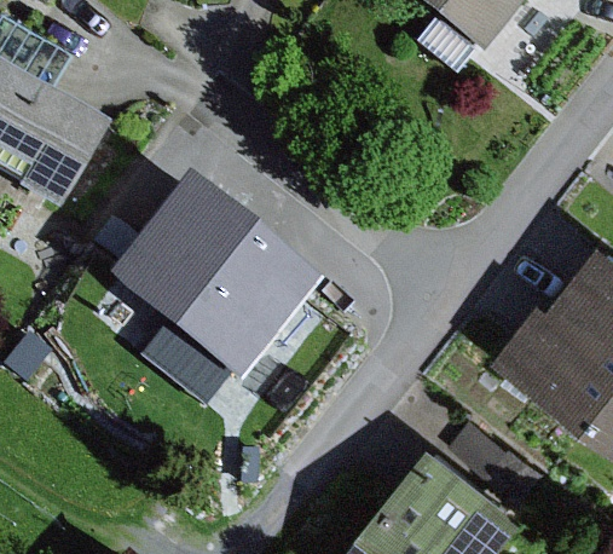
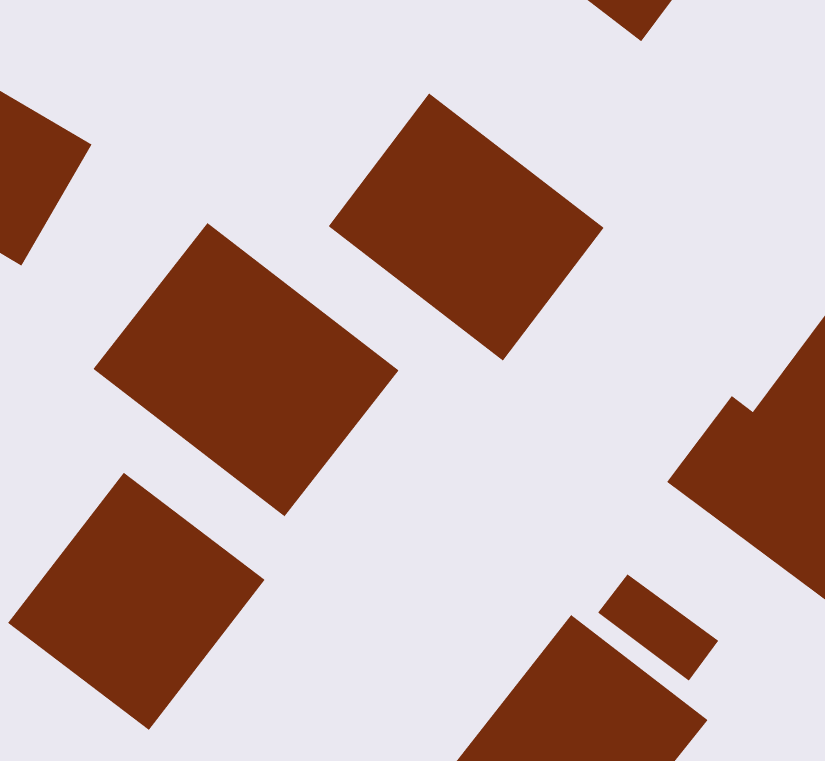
building: none -> [328,92,605,362]
building: none -> [7,472,265,731]

